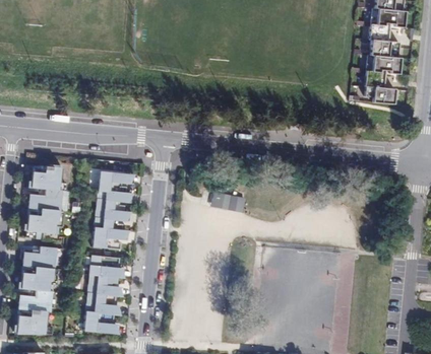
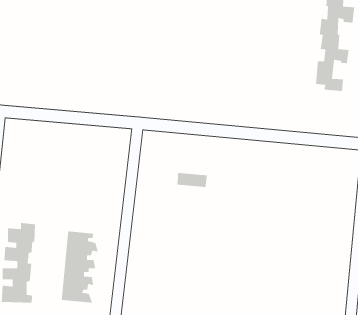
building: [27,166,63,233] -> none
building: [93,172,136,251] -> none

